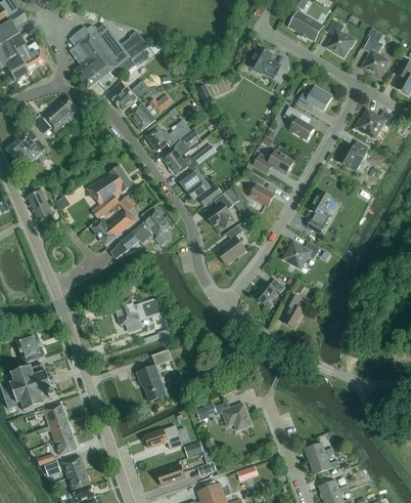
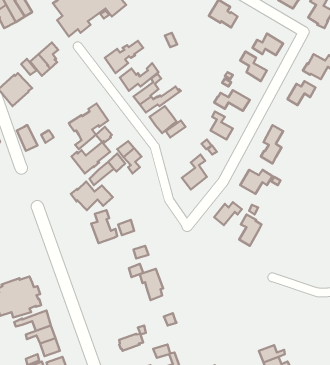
building: [113,84,146,112] -> none
building: [206,188,239,228] -> none
building: none -> [71,181,113,210]
building: [16,332,45,363] -> none
building: [137,366,164,402] -> [140,269,163,300]
building: [214,402,252,429] -> none

